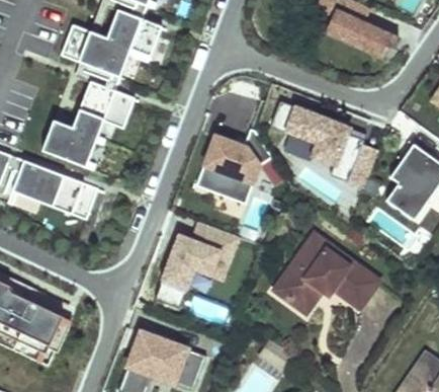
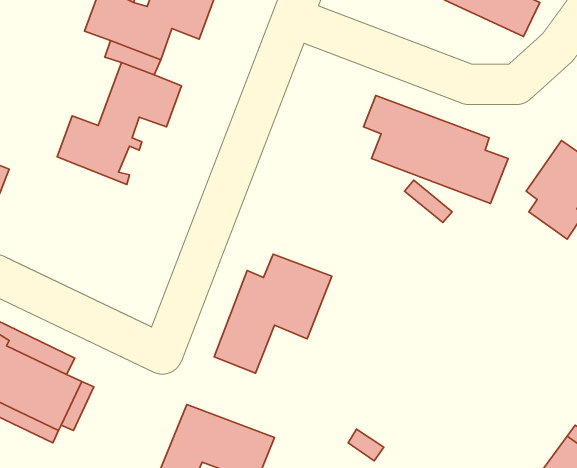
building: [194,129,269,208] -> none
building: [13,166,95,220] -> none
building: [275,231,380,309] -> none

